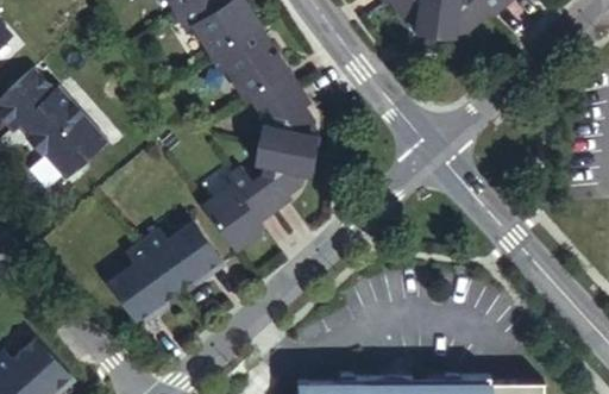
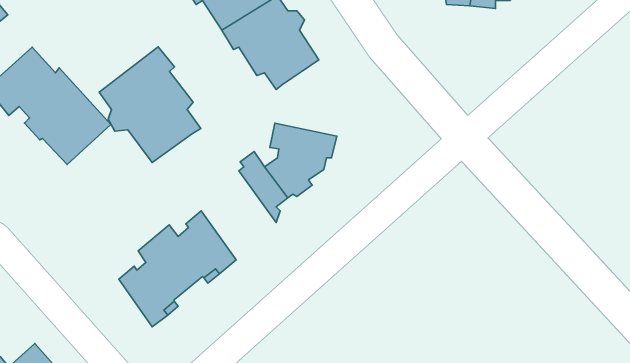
building: none -> [99,47,201,162]
building: [257,82,318,152] -> none
building: [197,185,258,252] -> none

